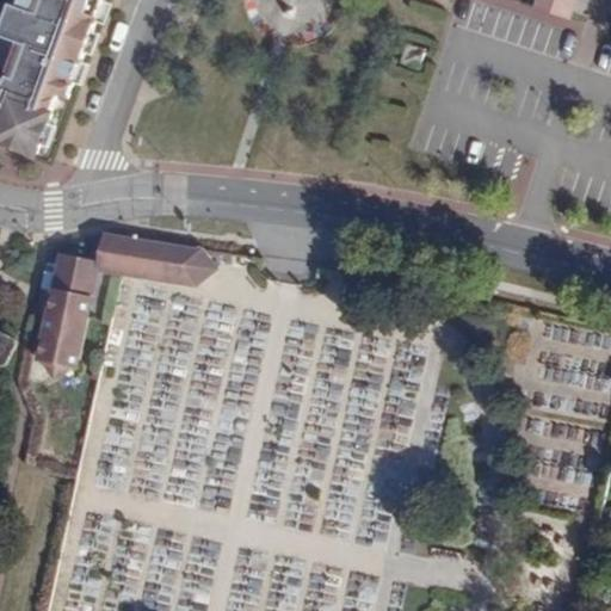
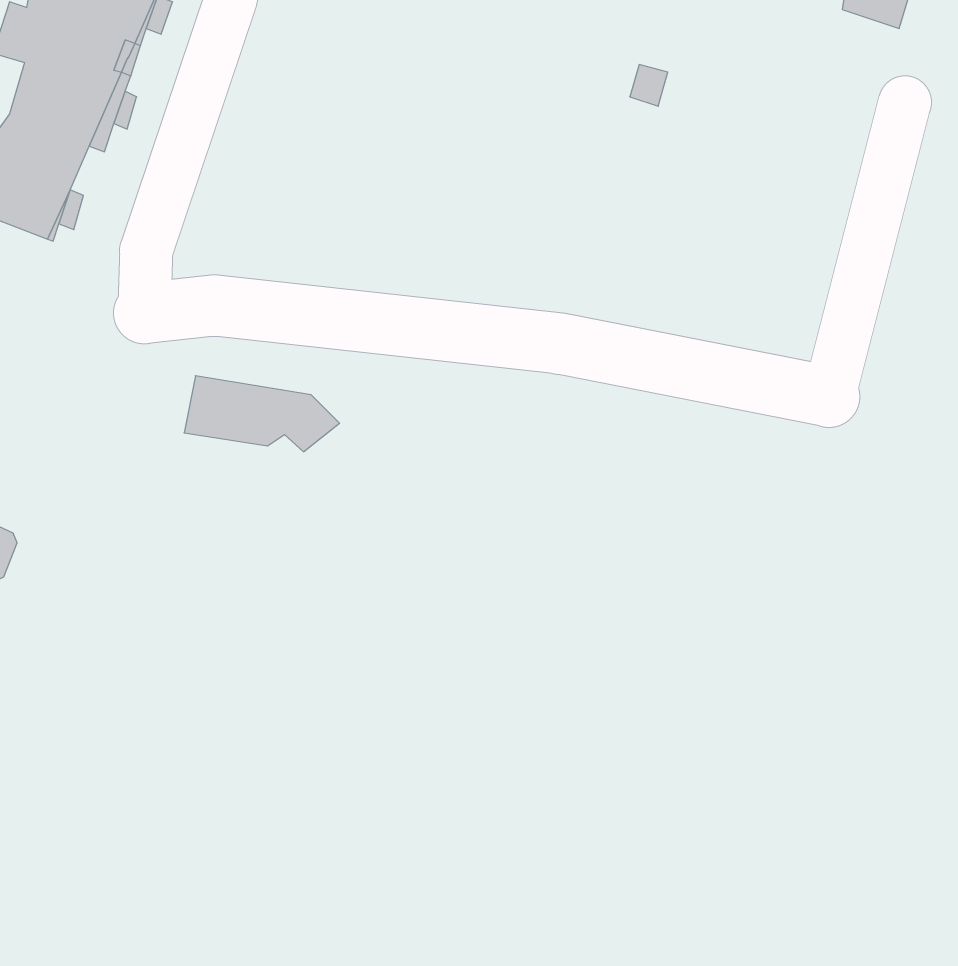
building: [33,233,123,376] -> none

